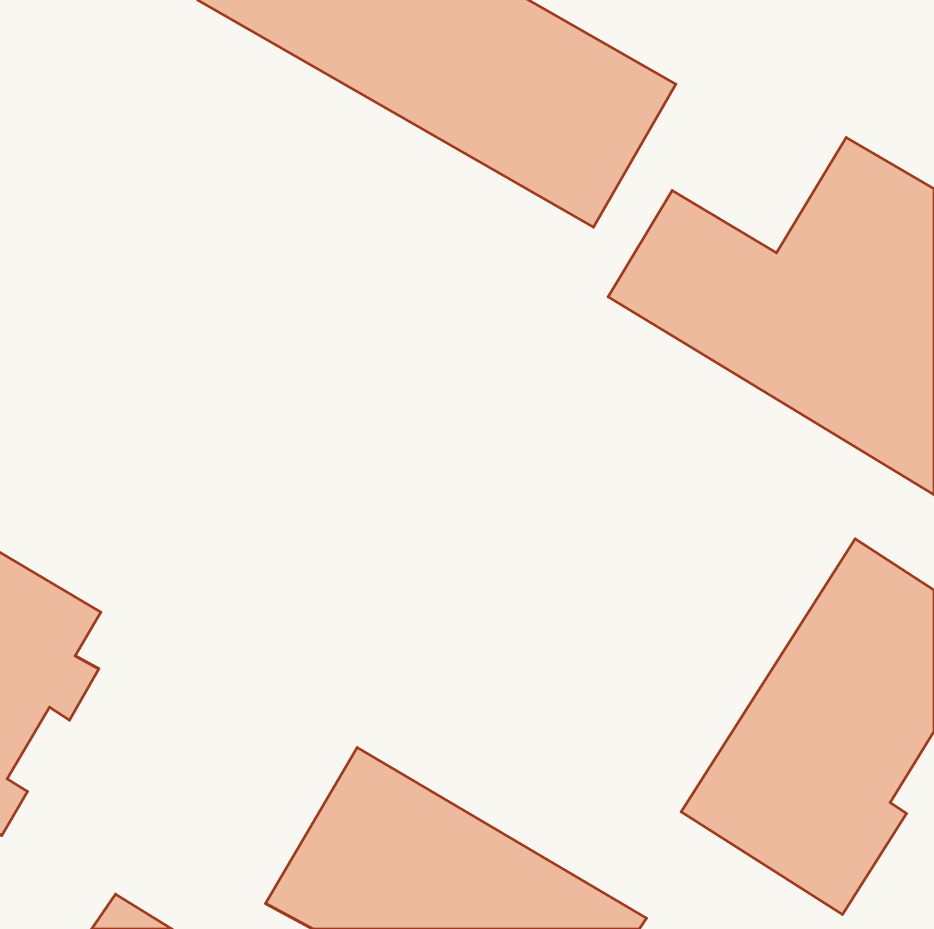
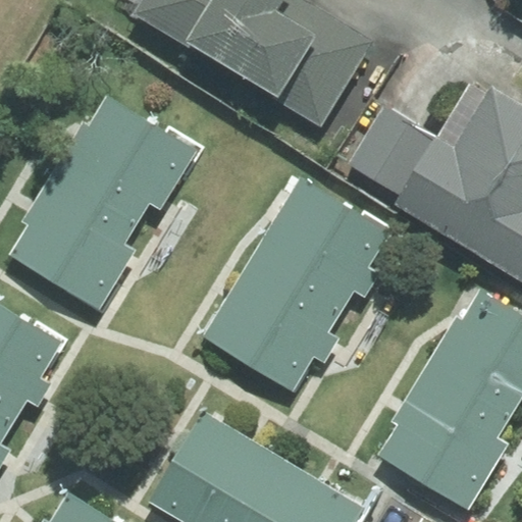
building: none -> [13,96,199,305]
building: none -> [200,173,389,395]

